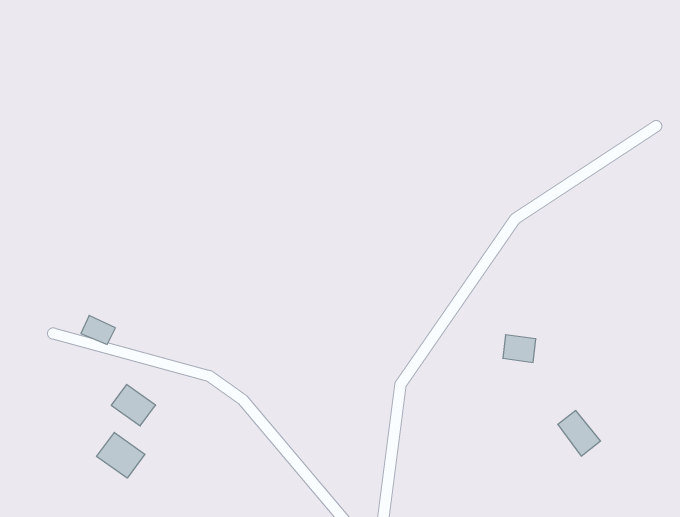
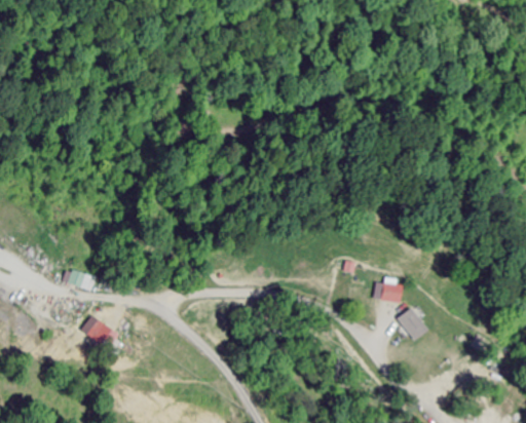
building: [558,411,601,456] -> [394,307,426,341]
building: [97,432,145,478] -> none

